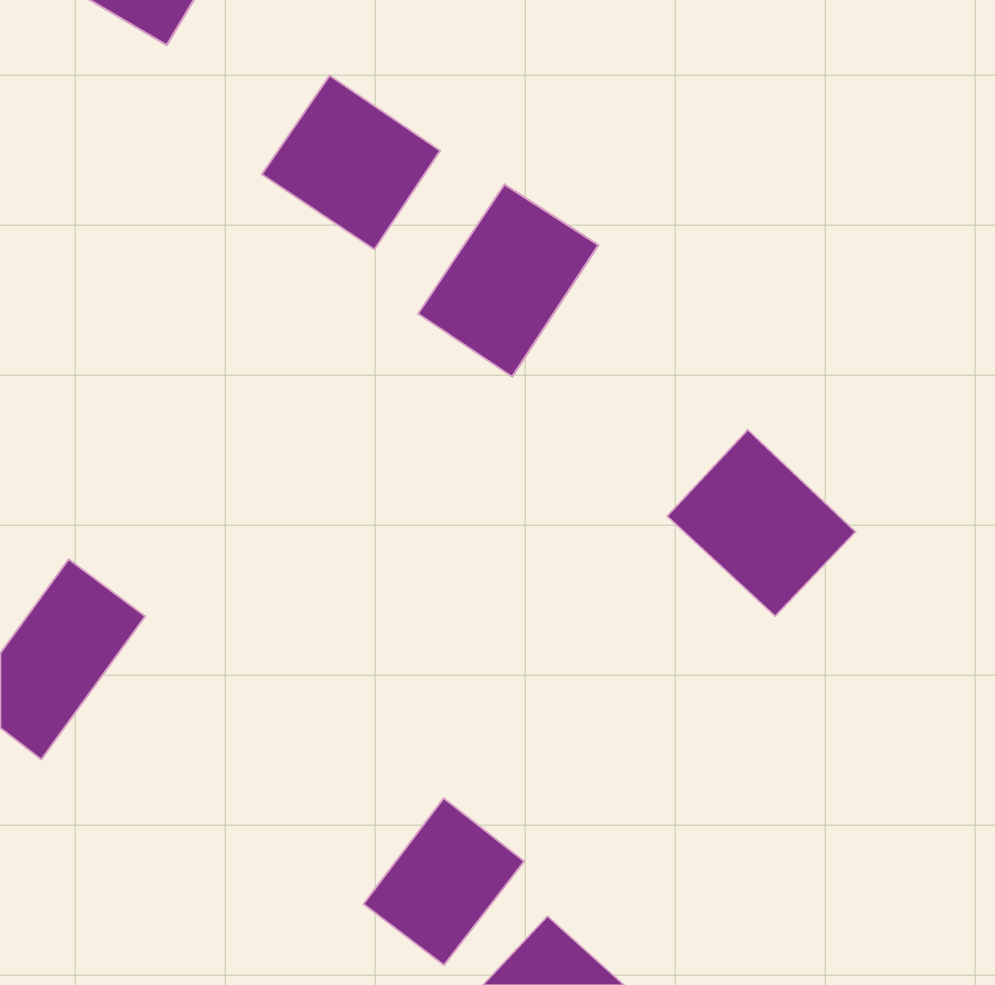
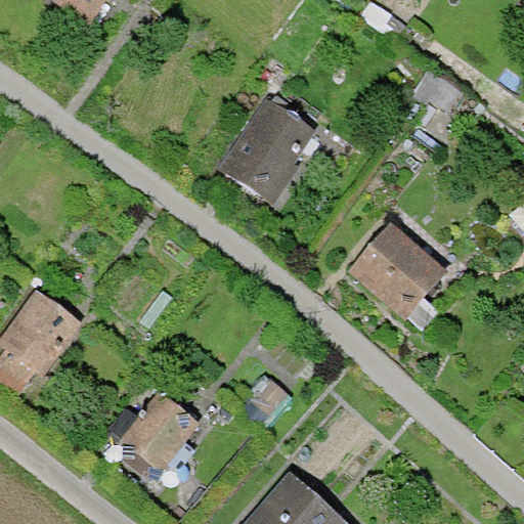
building: [262,75,440,249] -> none
building: [363,798,524,965] -> [111,391,194,478]

